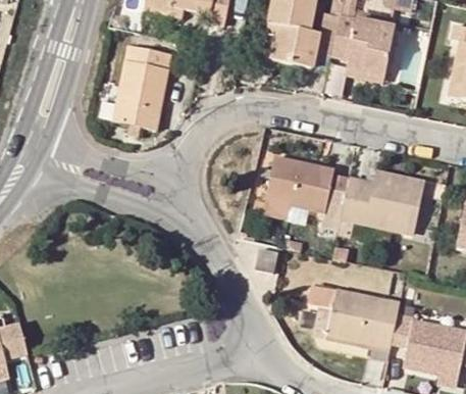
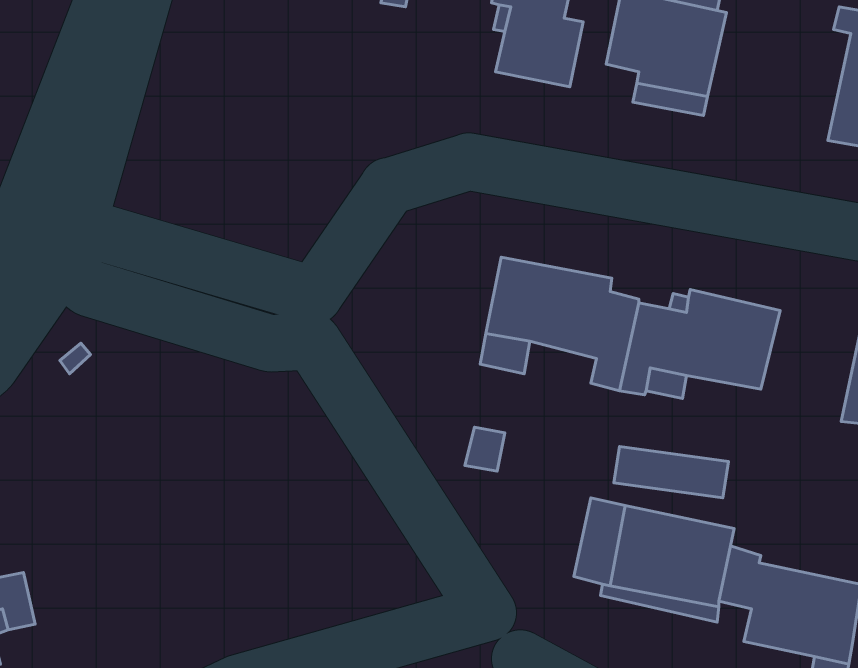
building: [112,45,173,130] -> none

